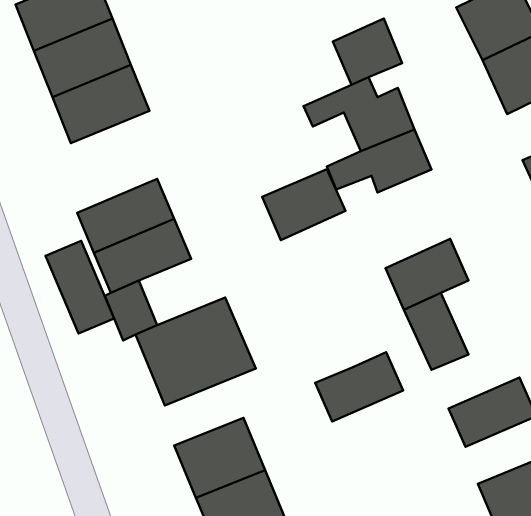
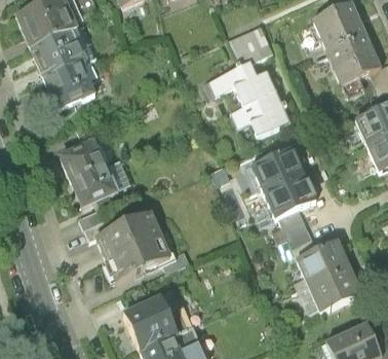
building: [262,169,345,240] -> [249,144,305,191]
building: [46,241,114,333] -> none
building: [315,352,403,421] -> [293,239,351,285]

